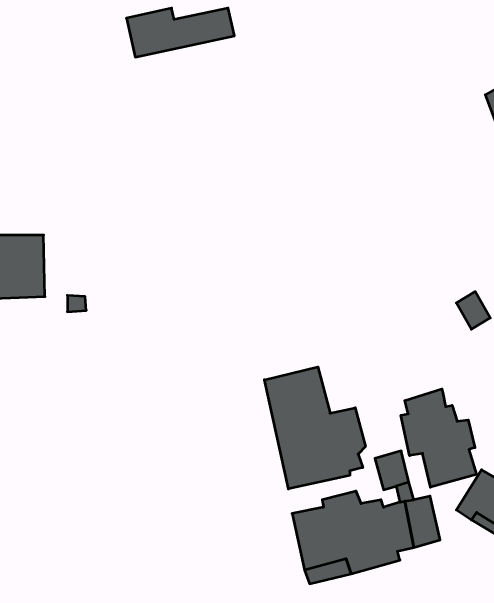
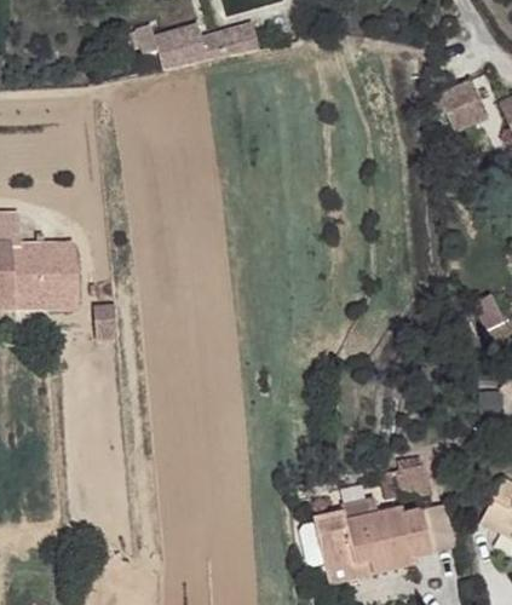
building: none -> [441,85,489,136]
building: [264,367,365,489] -> none
building: [401,389,476,487] -> none

